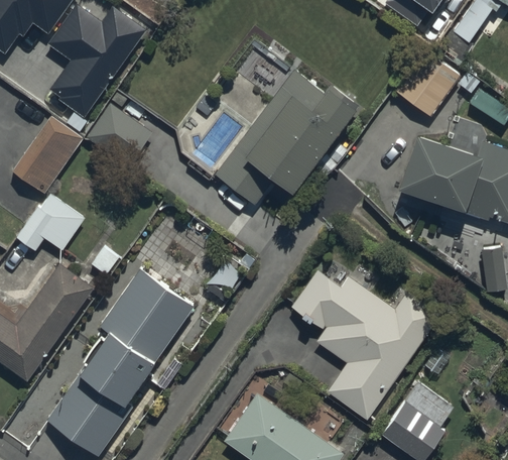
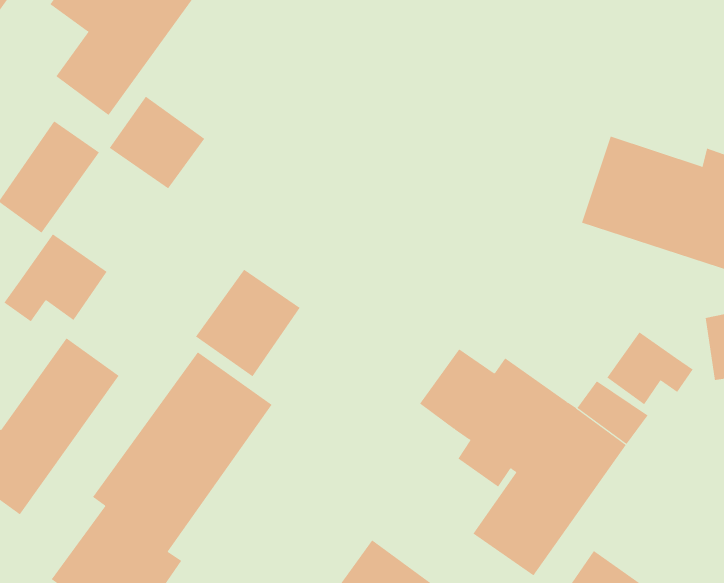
building: [397,48,462,116] -> none
building: [215,67,353,202] -> none
building: none -> [195,269,301,377]
building: none -> [606,332,694,405]

